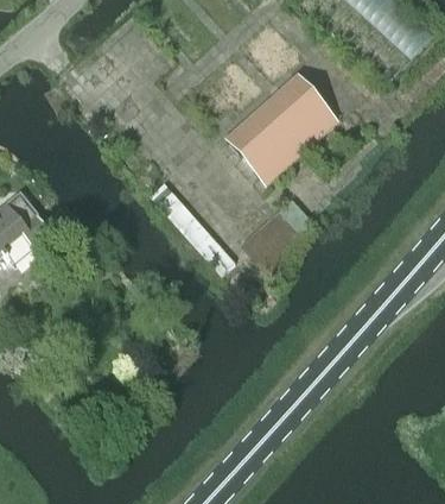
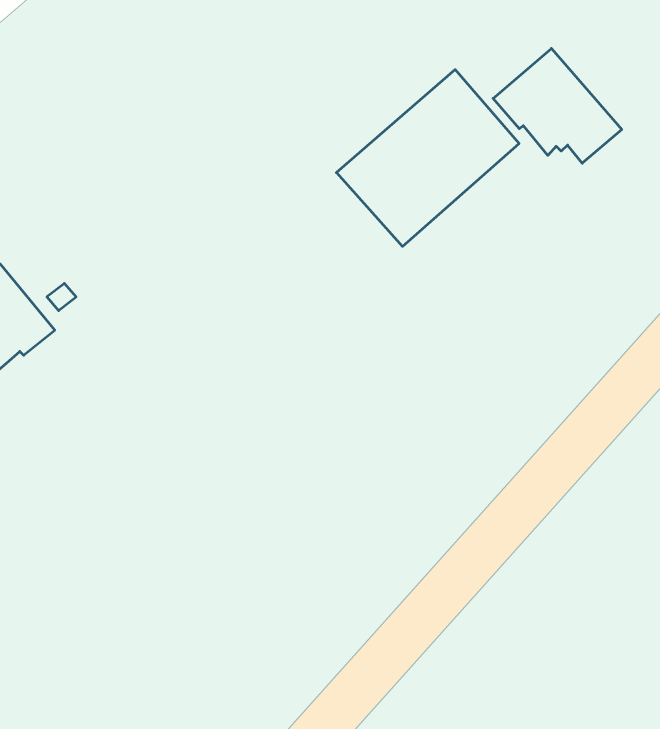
building: none -> [493,48,622,163]

